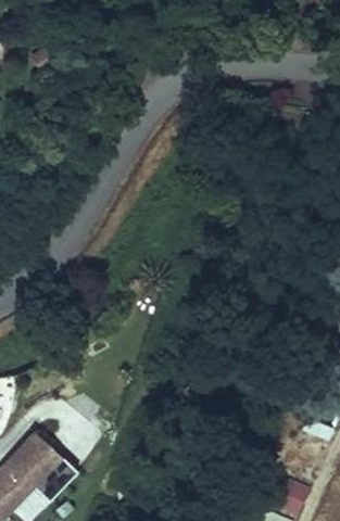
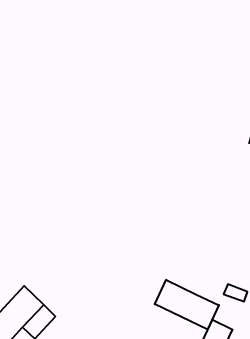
building: none -> [155,280,219,330]

